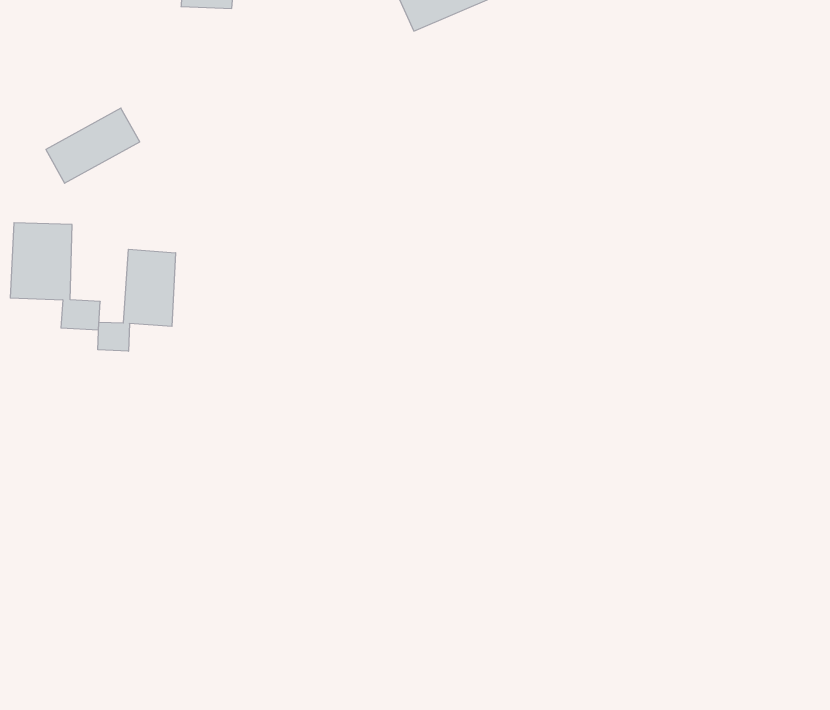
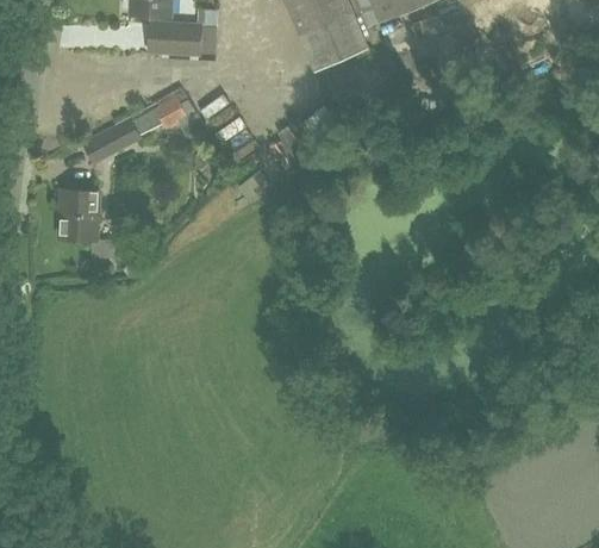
building: none -> [131,88,188,129]
building: [98,249,176,351] -> none

